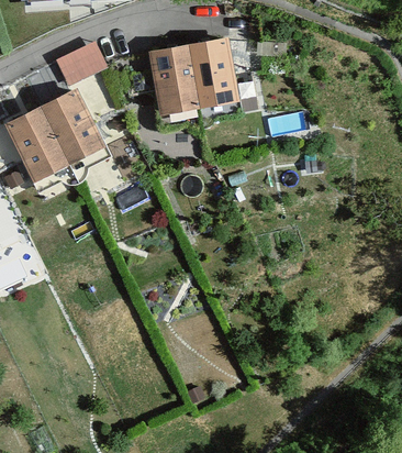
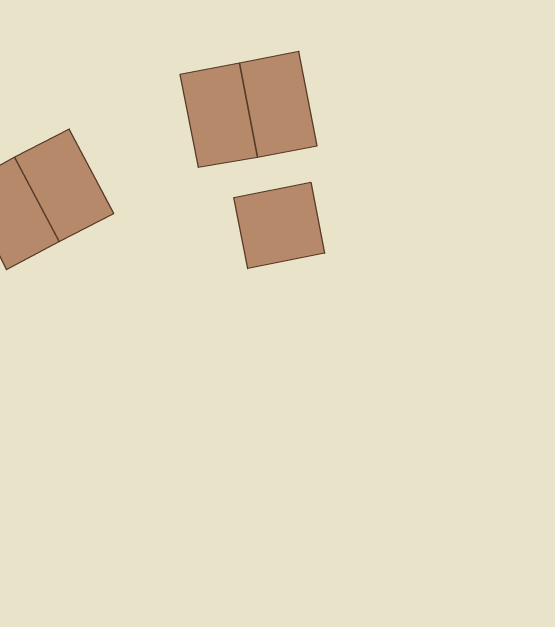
building: [59,44,105,84] -> none
building: none -> [234,182,325,269]

